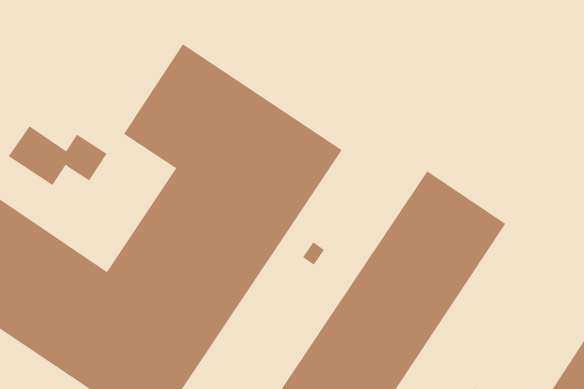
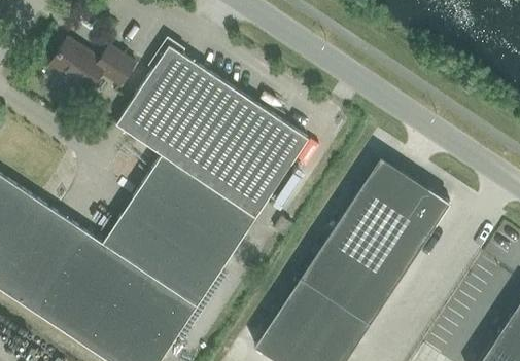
building: [8,125,107,186] -> [49,39,136,92]

